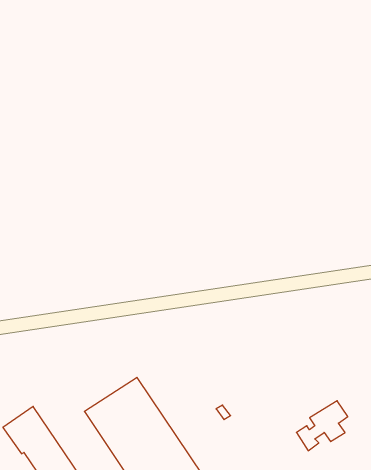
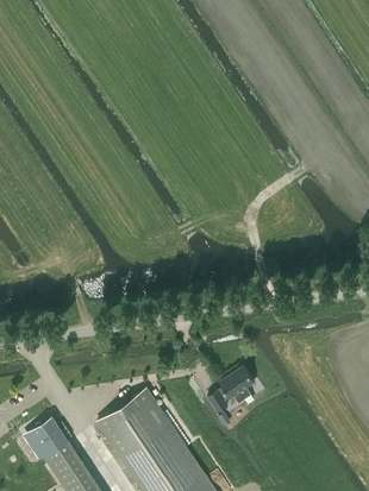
building: [296,401,348,451] -> [208,367,255,413]

